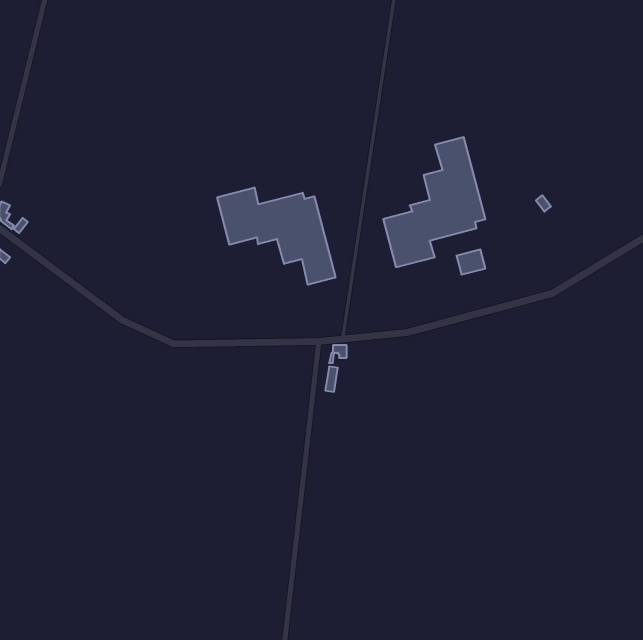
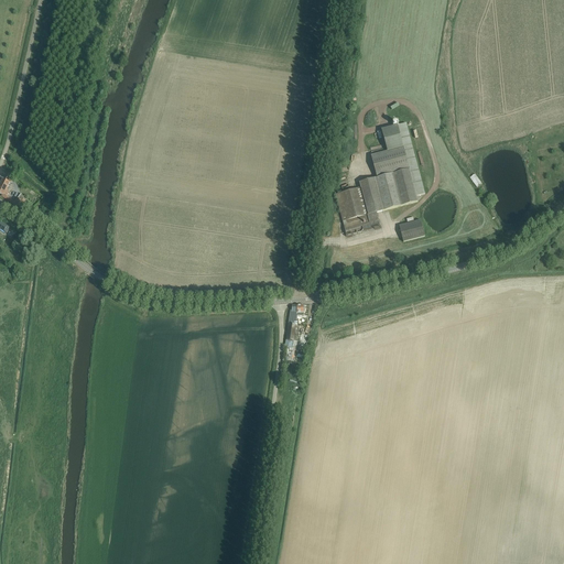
building: [217,187,335,285] -> none

